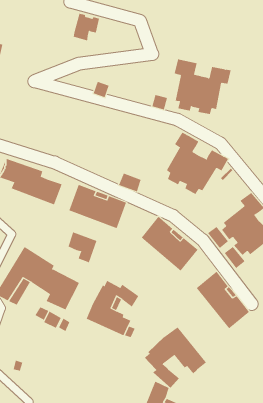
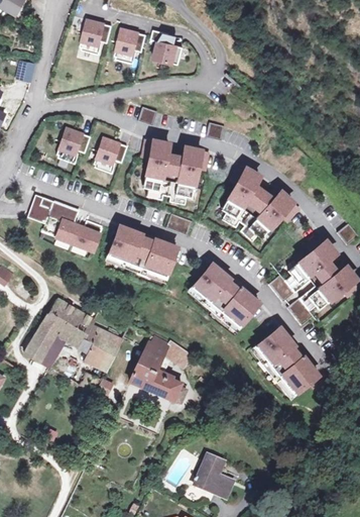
building: none -> [80,17,112,50]
building: none -> [150,29,182,64]
building: [174,59,232,115] -> [142,139,209,204]
building: none -> [56,127,90,160]
building: none -> [93,137,126,169]
building: [68,231,97,263] -> none
building: [144,326,207,388] -> none

